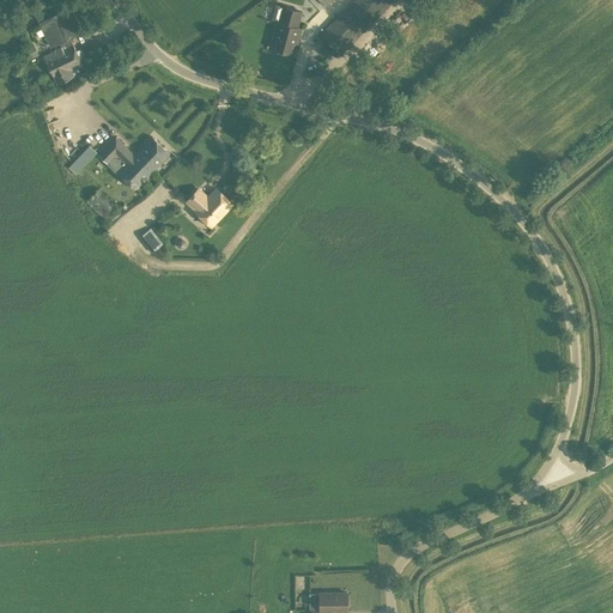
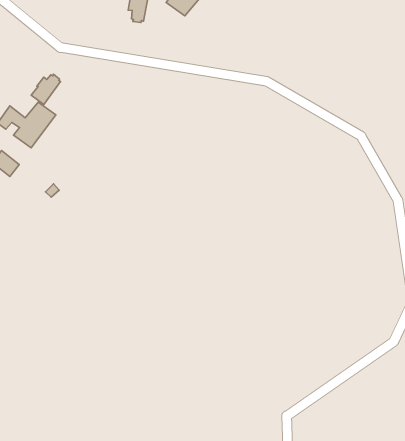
building: none -> [31,74,61,105]
building: [186,190,230,226] -> none

